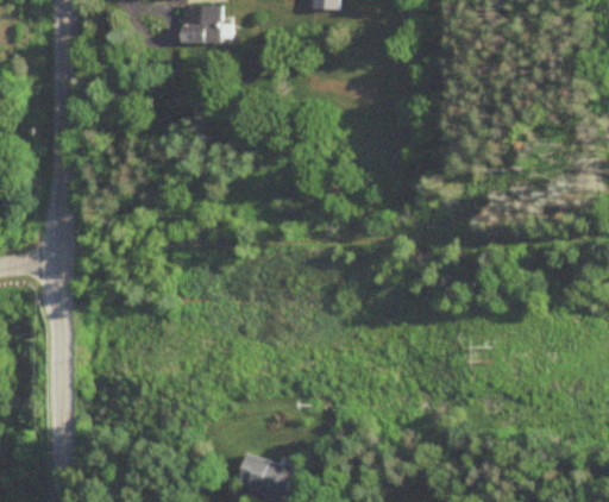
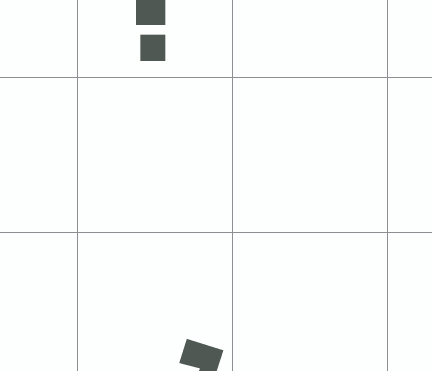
building: none -> [140,34,166,62]

